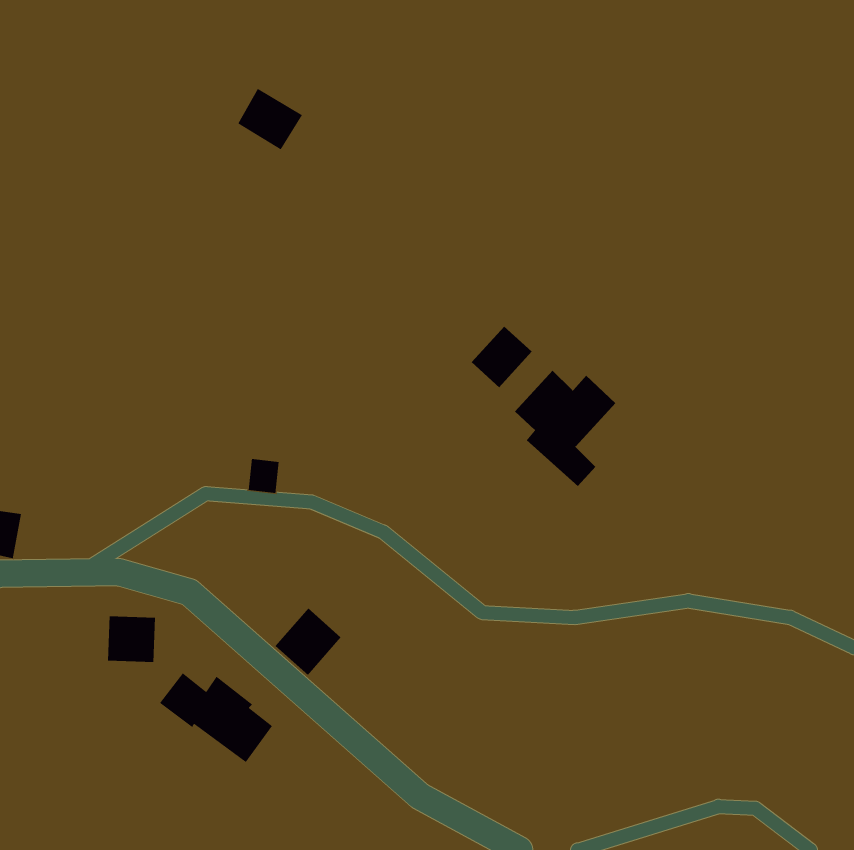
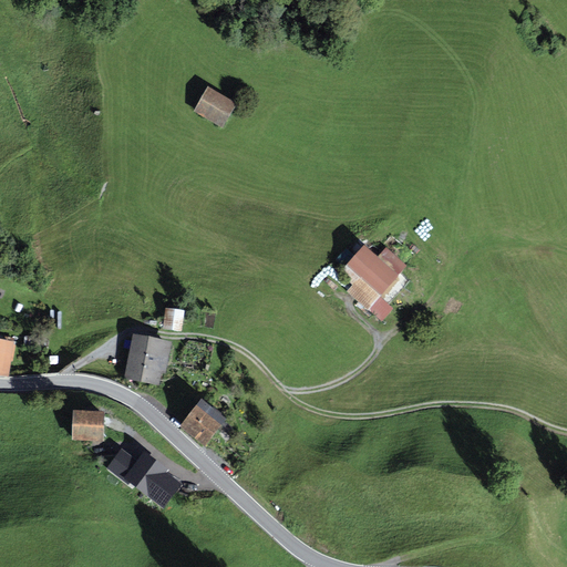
building: [237,88,303,150] -> [194,89,237,130]
building: [471,326,532,388] -> none
building: none -> [125,333,168,380]

